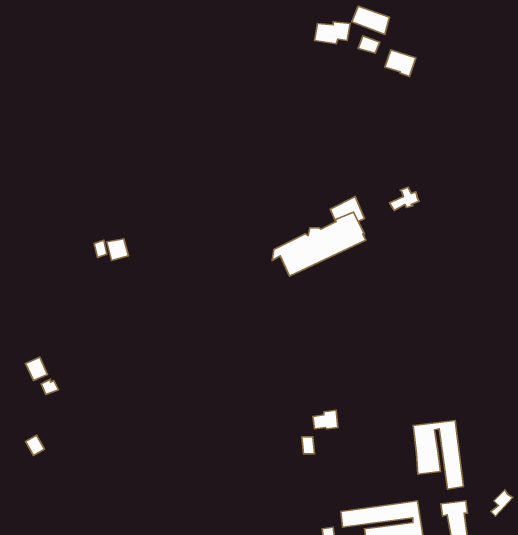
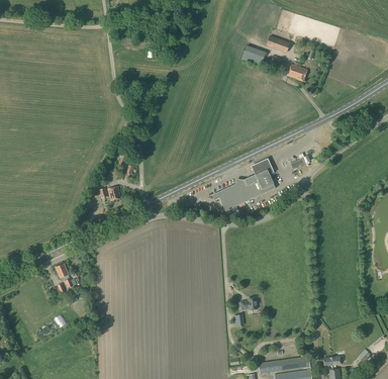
building: [413,421,464,489] -> none

